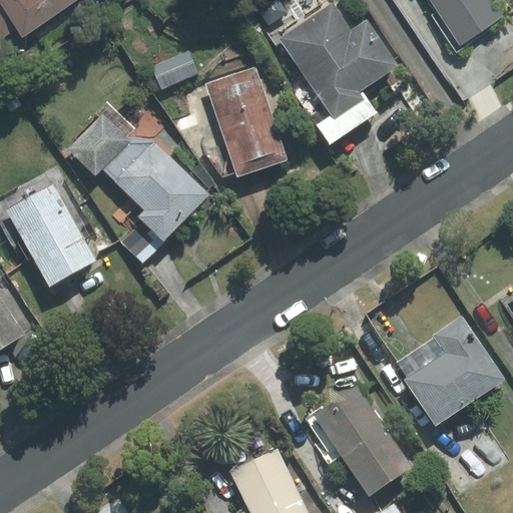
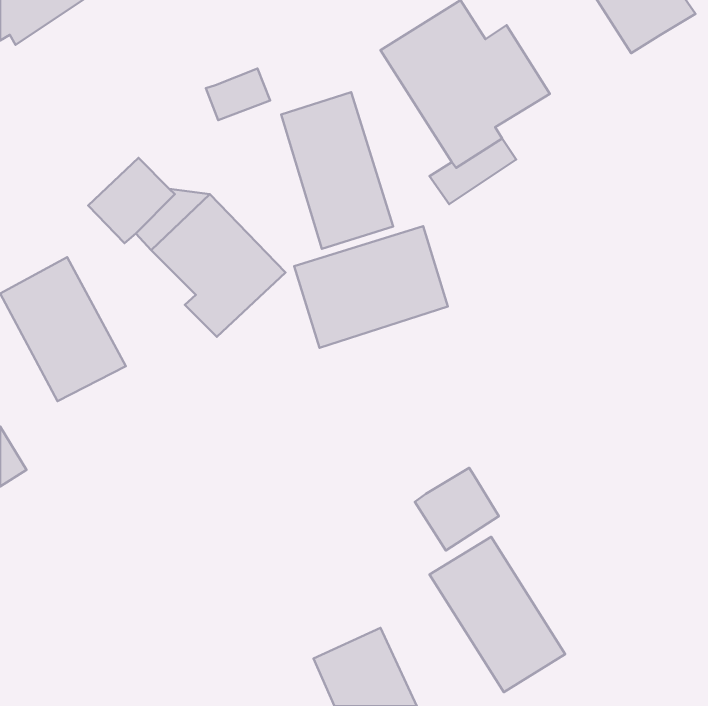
building: none -> [294,226,448,348]
building: [402,315,505,427] -> none
building: none -> [415,468,499,551]

